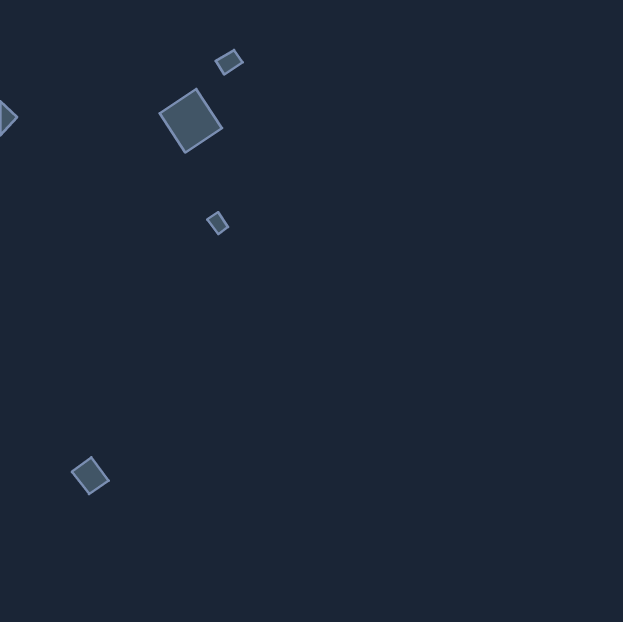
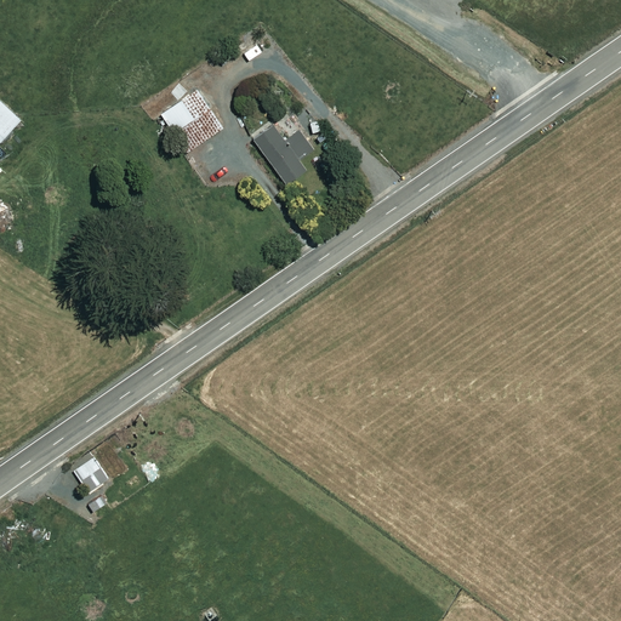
building: none -> [253,125,310,183]

